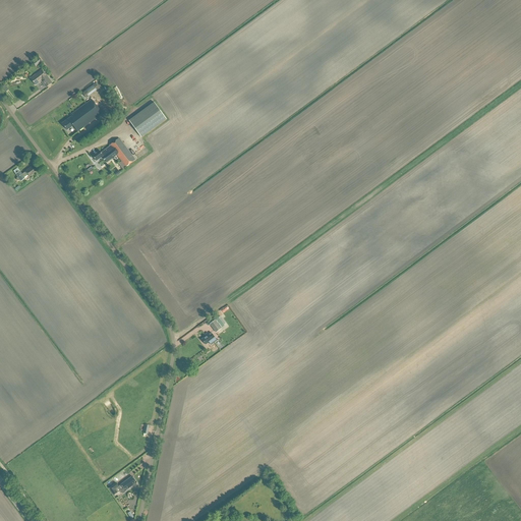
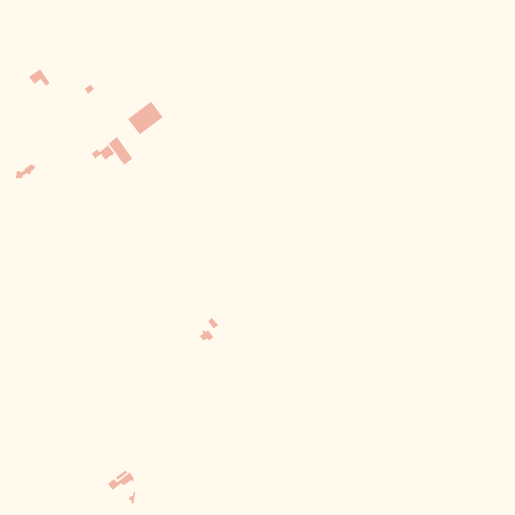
building: [61,100,101,131] -> none

